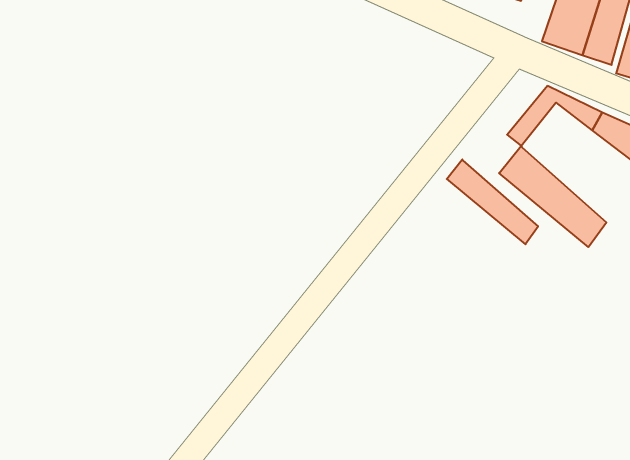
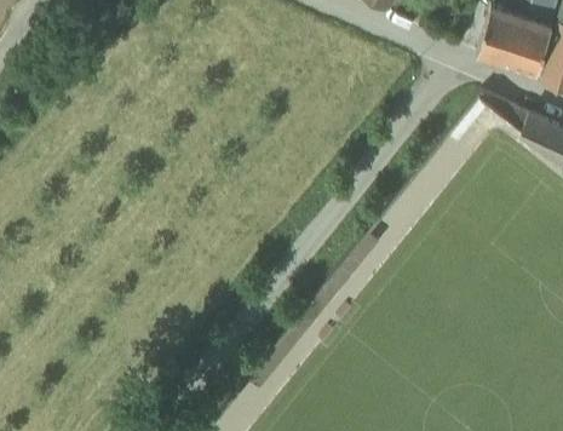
building: [499,146,606,247] -> none
building: [447,159,538,244] -> none

